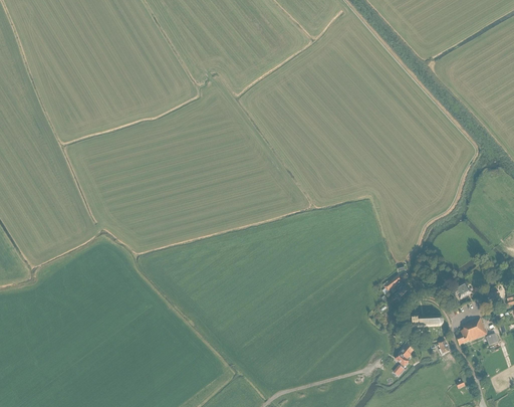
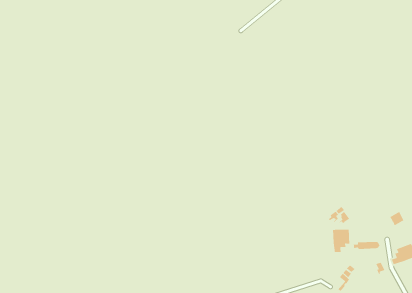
building: none -> [332,228,350,253]

